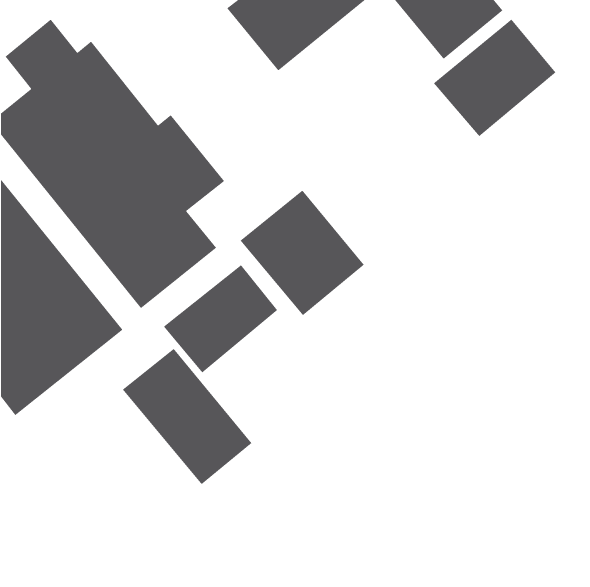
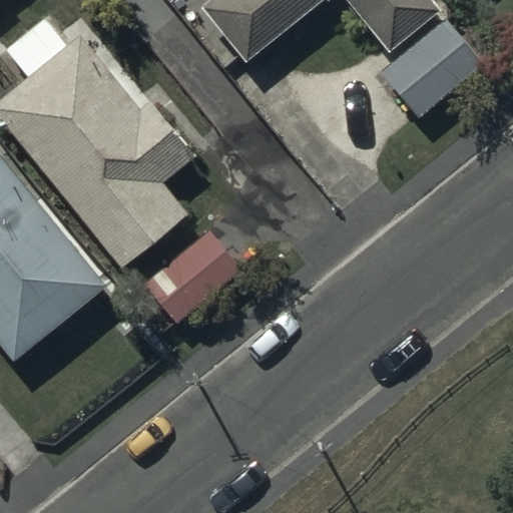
building: [240,189,365,316] -> none
building: [122,348,252,485] -> none

